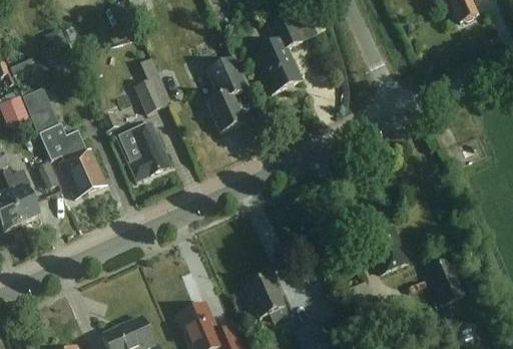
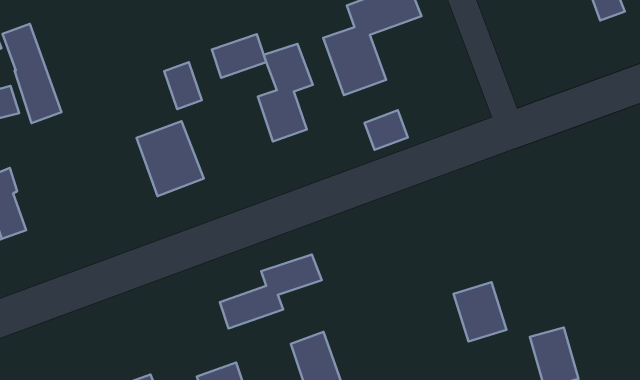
building: none -> [212,34,266,78]
building: none -> [365,110,408,150]
building: [40,121,105,197] -> none
building: none -> [220,255,322,329]

